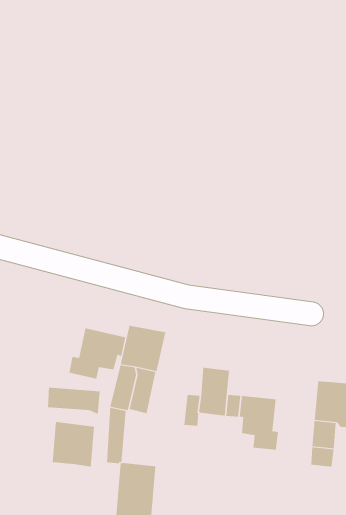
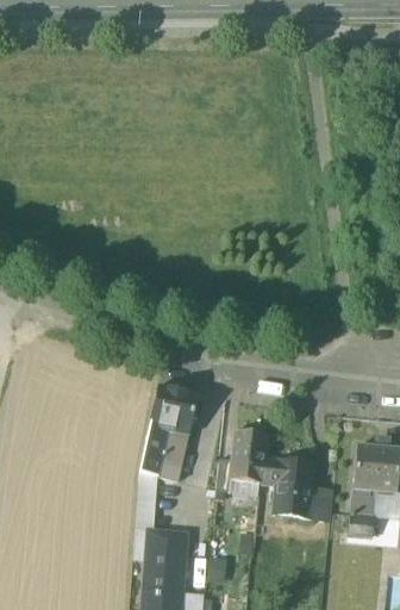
building: [69,327,126,379] -> none
building: [48,387,100,415] -> none
building: [52,421,95,468] -> none

